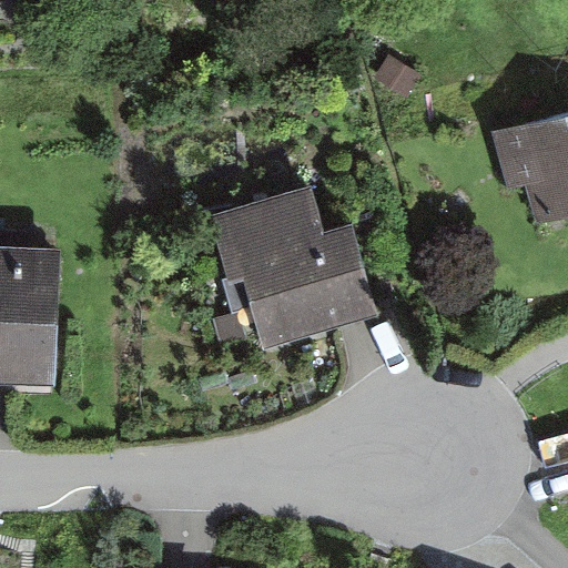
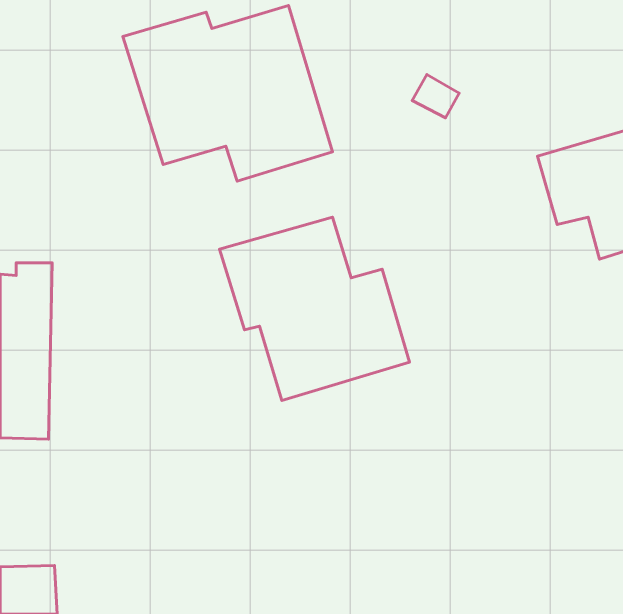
building: none -> [123,6,332,181]

